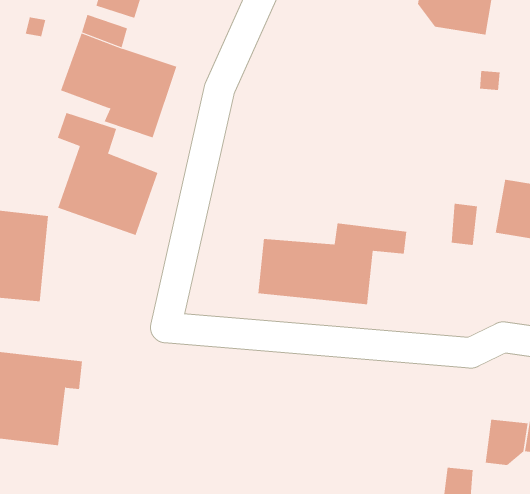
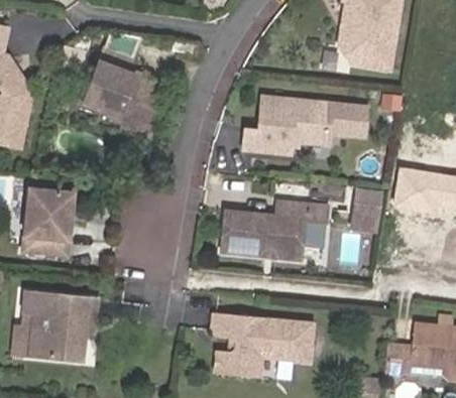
building: none -> [243,98,364,153]
building: [57,112,158,236] -> none
building: none -> [214,311,316,376]

